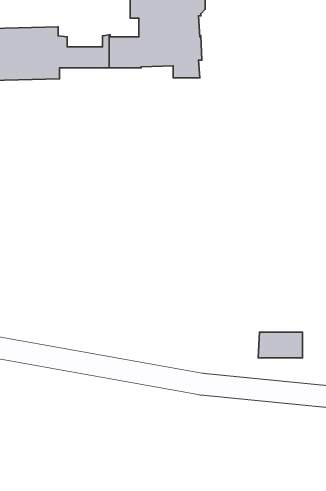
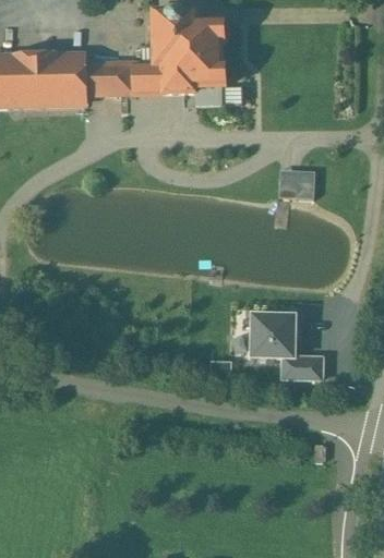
building: none -> [289,167,323,193]
building: none -> [250,312,296,359]

